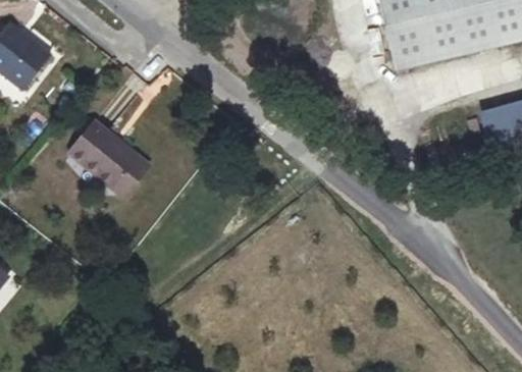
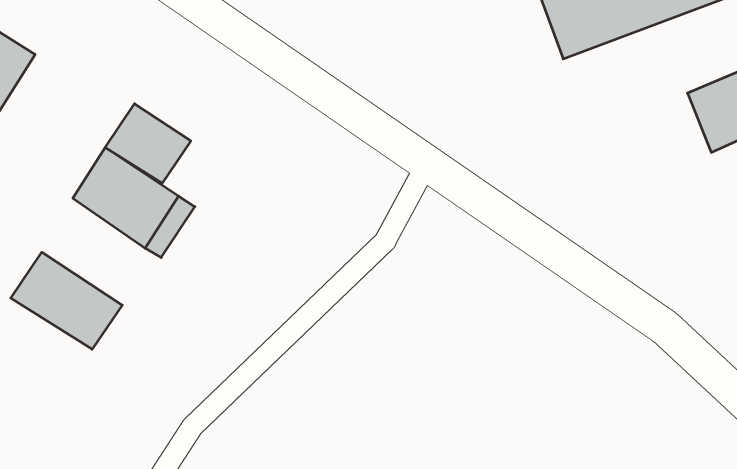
building: none -> [105,104,191,183]
building: none -> [11,252,122,349]

